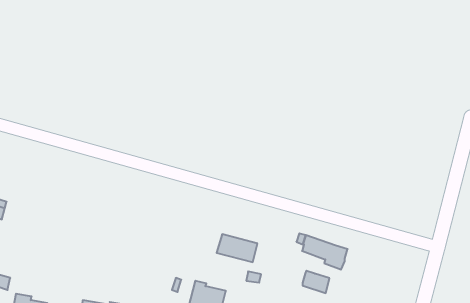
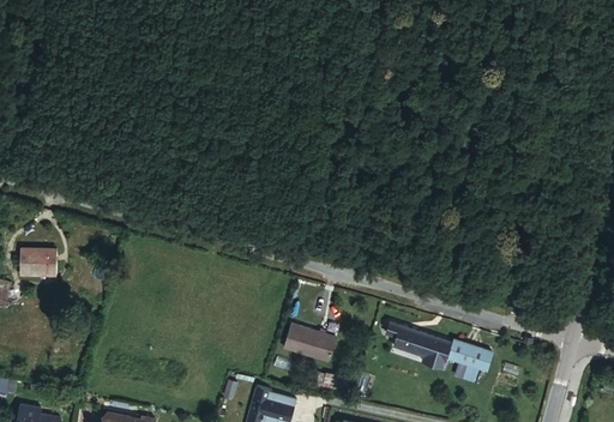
building: none -> [19,248,56,273]
building: [303,271,329,293] -> [446,339,481,368]

